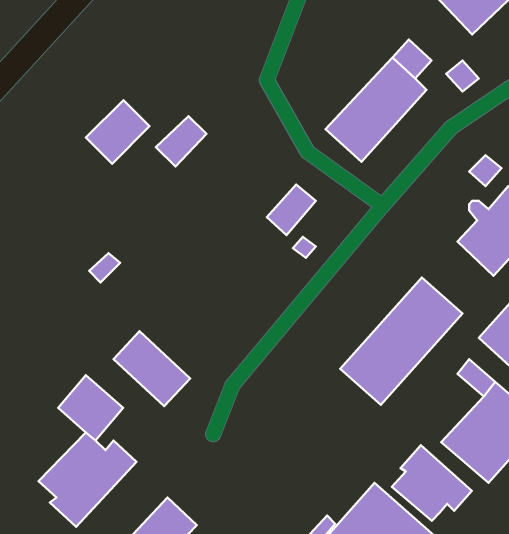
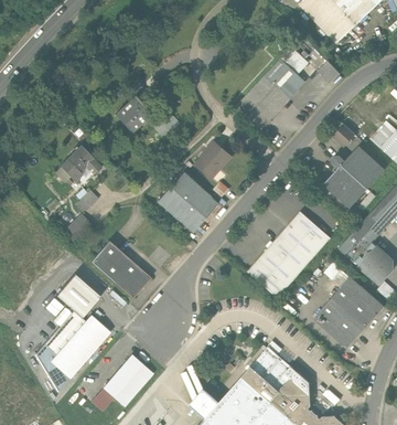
building: [86,100,150,164] -> [58,144,101,187]
building: none -> [155,172,215,231]
building: [392,445,472,521] -> none

